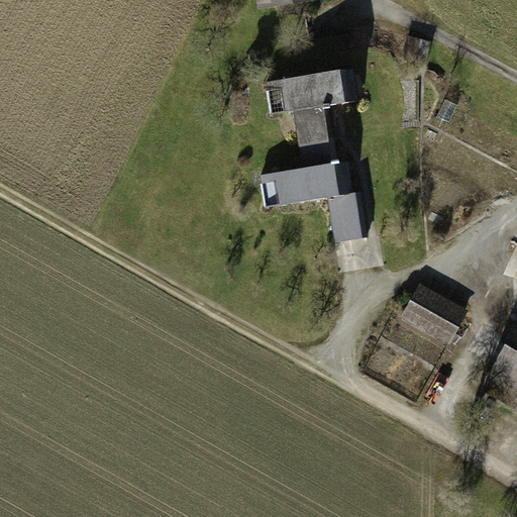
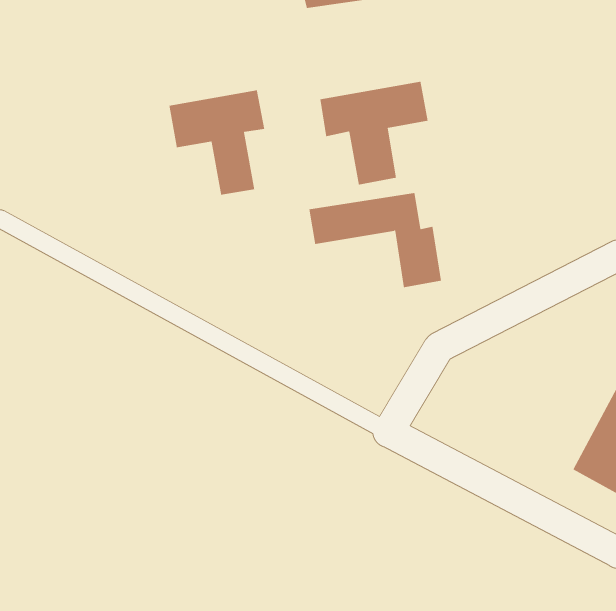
building: none -> [169,89,265,195]
building: [402,277,467,337] -> none

